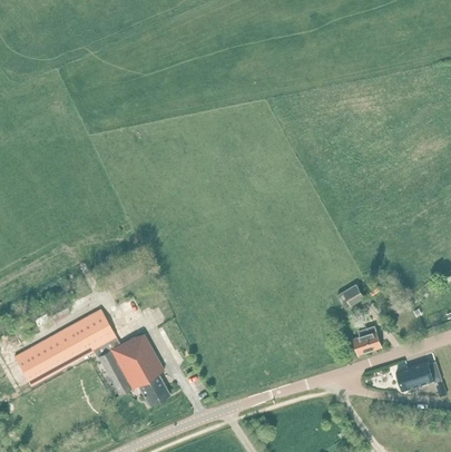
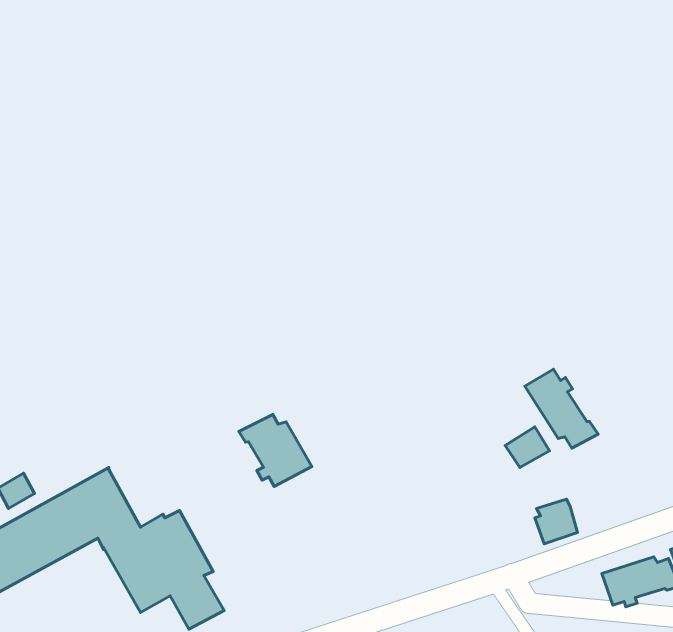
building: none -> [525,369,598,448]
building: none -> [239,414,312,486]

